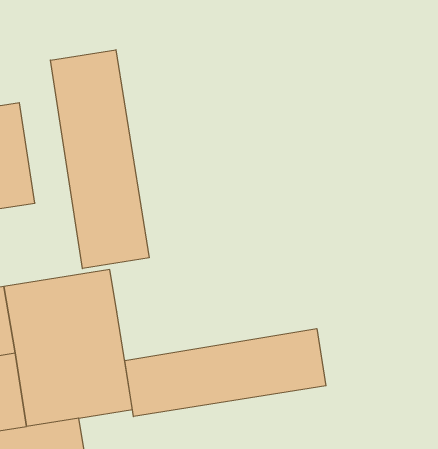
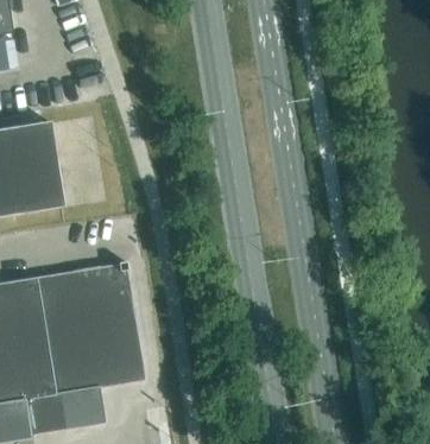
building: [50,50,149,269] -> none
building: [125,329,326,417] -> none

